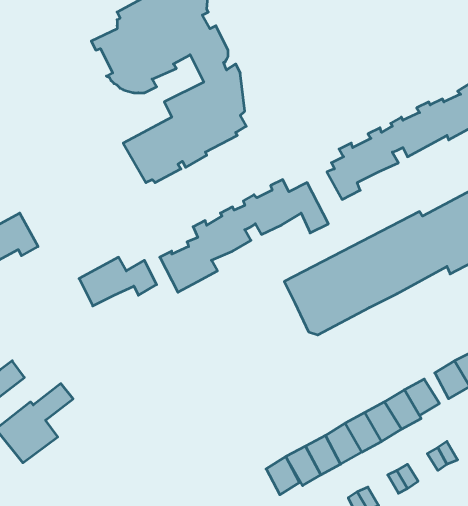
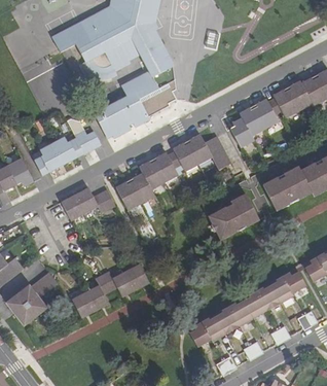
building: none -> [55,21,90,52]
building: none -> [36,114,102,173]
building: none -> [72,264,150,318]

